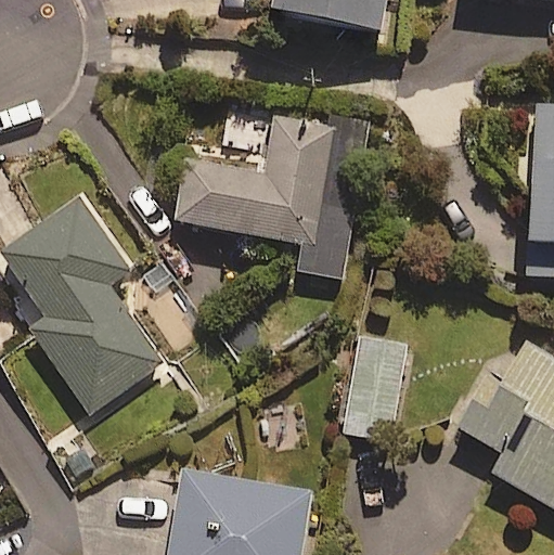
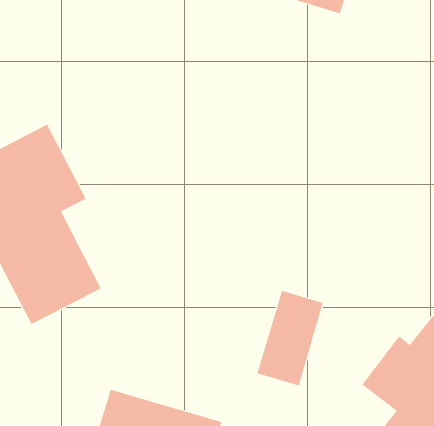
building: [177,116,368,279] -> none

